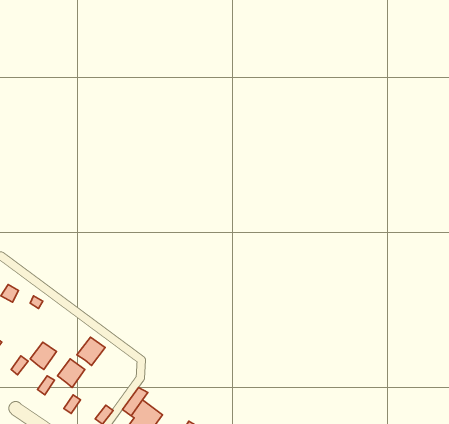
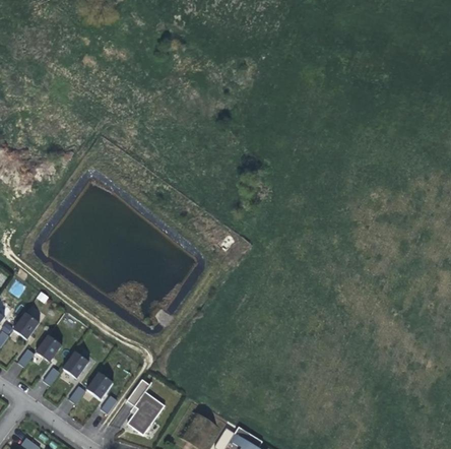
building: none -> [12,312,40,339]
building: [77,337,105,365] -> [85,372,113,399]

